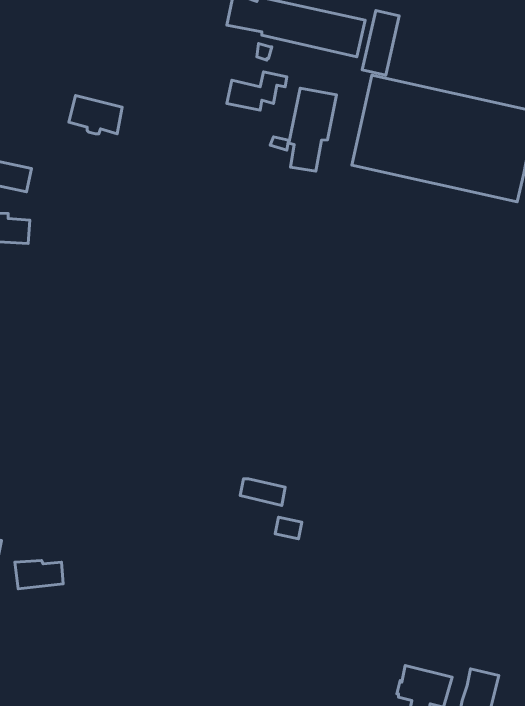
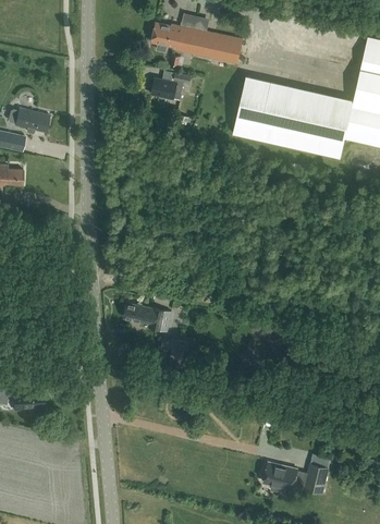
building: [362,10,399,75] -> none
building: [289,88,336,171] -> none
building: [69,95,122,134] -> [14,108,49,133]
building: none -> [124,303,167,330]

